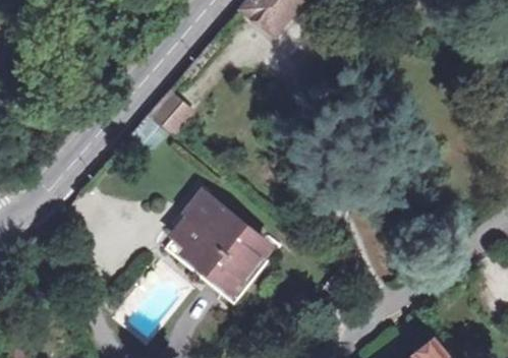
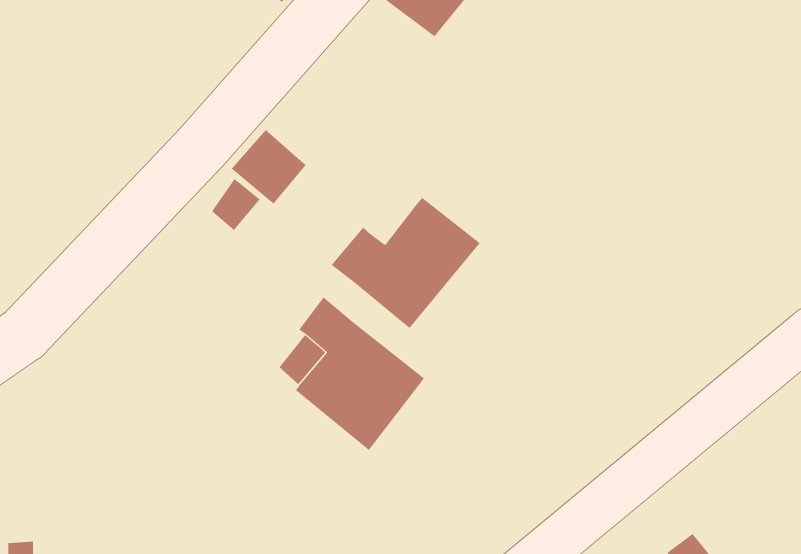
building: none -> [331,197,481,329]

